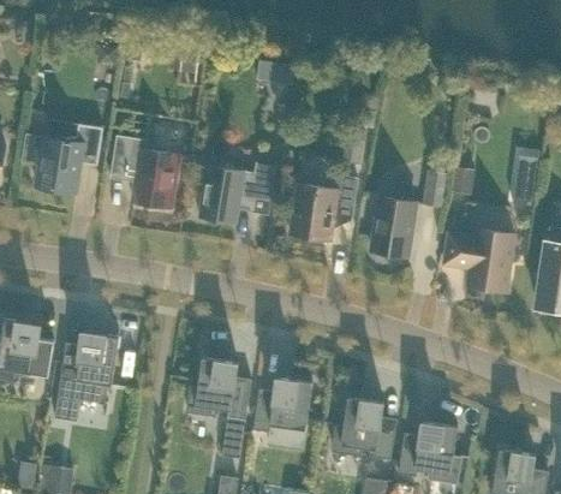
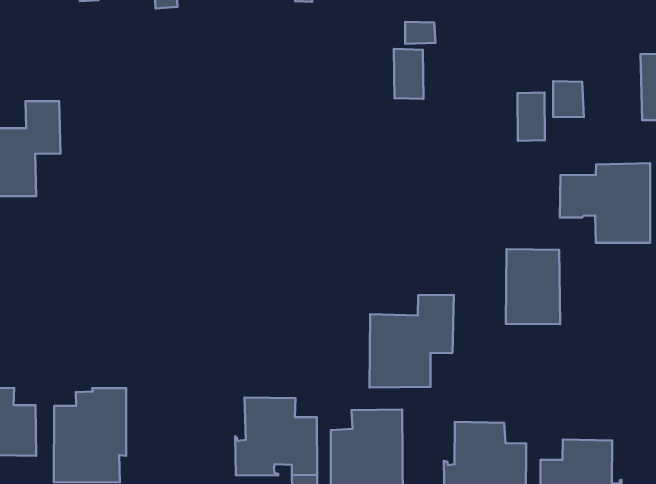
building: [111,136,179,208] -> none
building: [198,163,275,222] -> none
building: [288,174,358,240] -> [369,295,454,387]
building: [370,197,416,256] -> [506,249,560,324]

